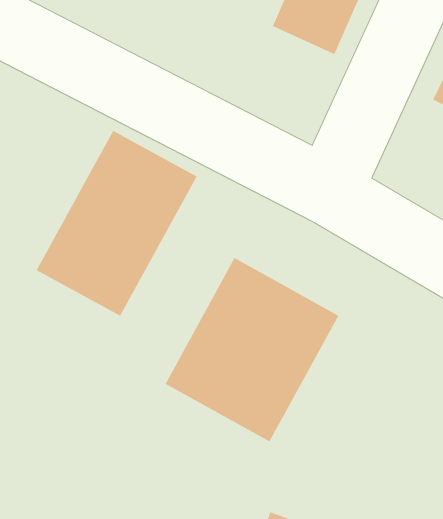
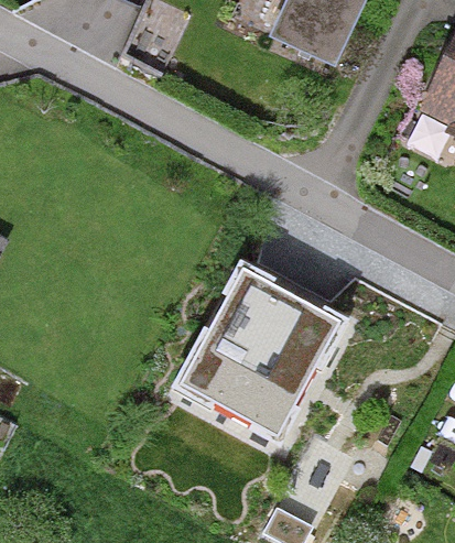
building: [36,130,198,317] -> none

